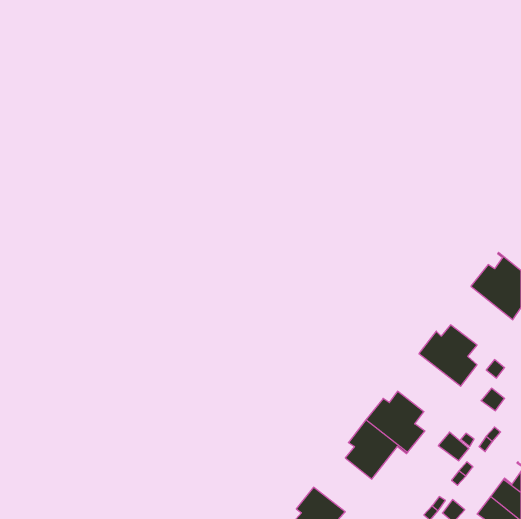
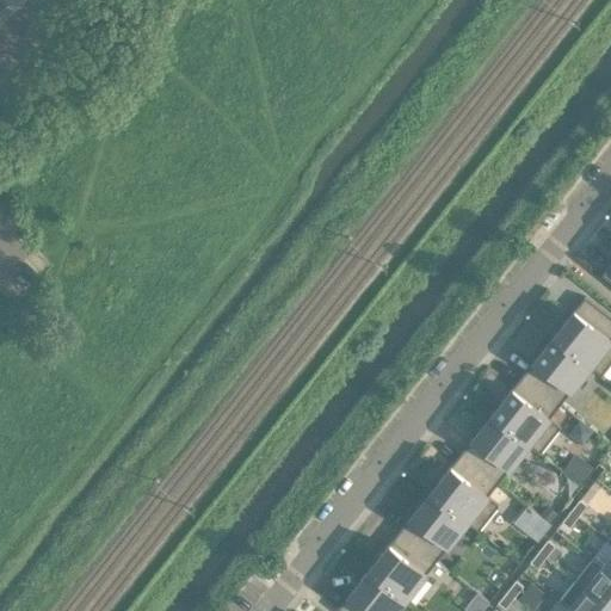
building: none -> [526,338,599,407]
building: none -> [464,416,538,485]
building: none -> [366,538,434,601]

